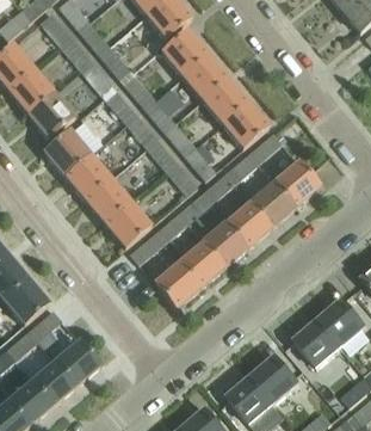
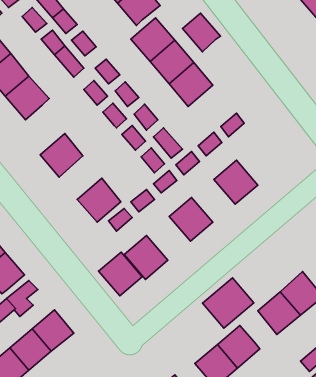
building: none -> [183,13,221,52]
building: [222,100,268,147] -> none
building: [44,129,91,174] -> none
building: [273,160,320,207] -> none
building: [85,176,130,222] -> none
building: [225,201,272,246] -> none
building: [178,240,224,287] -> [99,252,142,296]
building: none -> [202,278,254,328]

